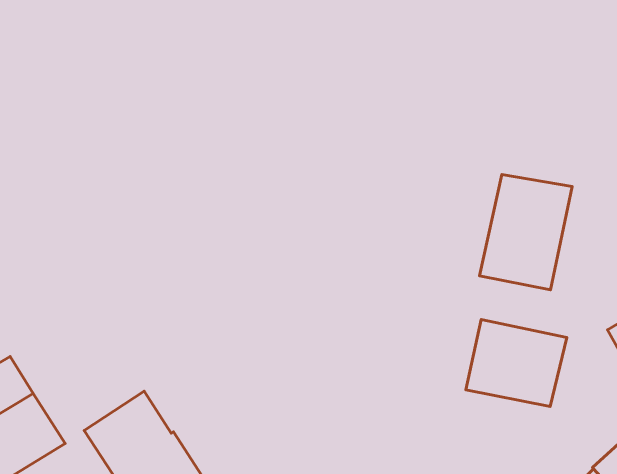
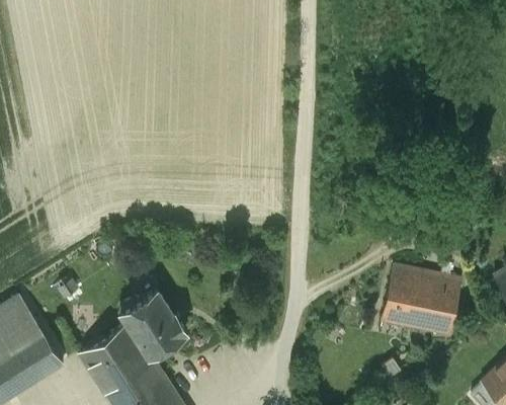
building: [480,174,572,290] -> none
building: none -> [120,291,186,356]

